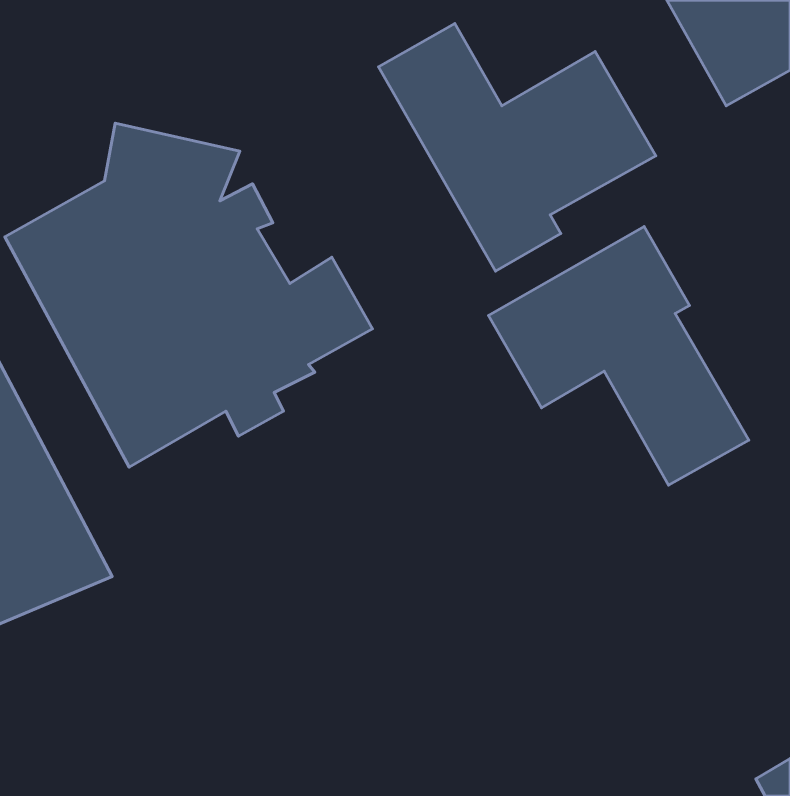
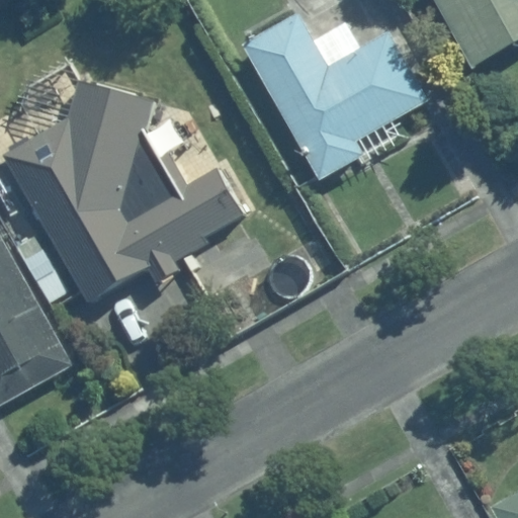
building: [489,226,749,485] -> none

